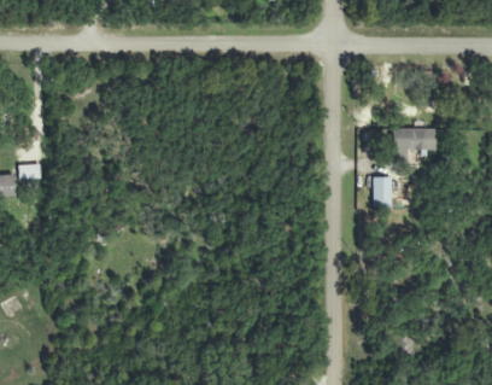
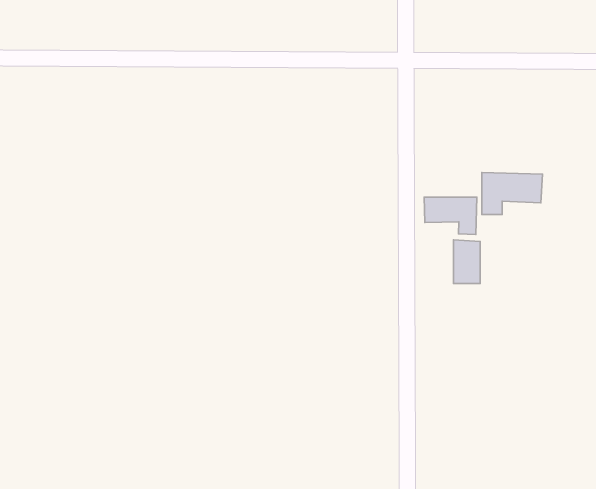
building: none -> [424,197,477,234]

